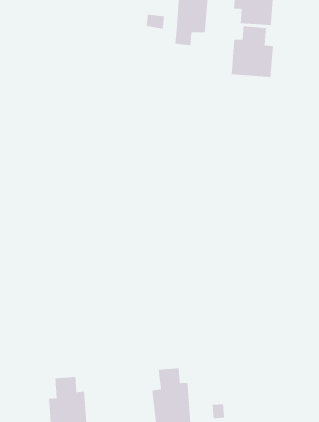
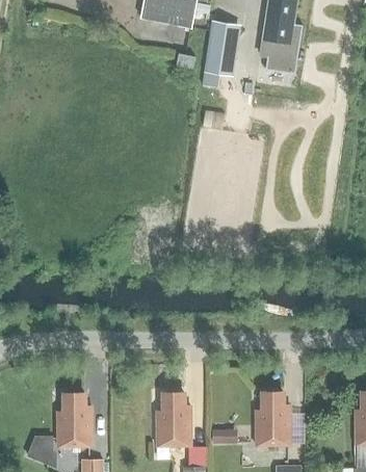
building: [231,26,273,78] -> none
building: none -> [256,392,291,445]

